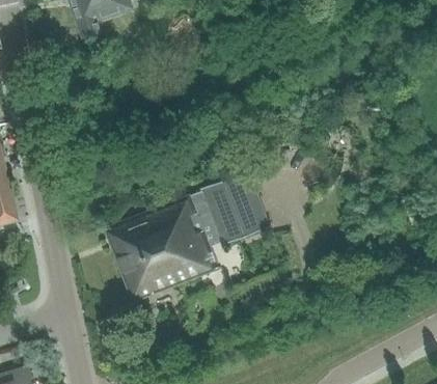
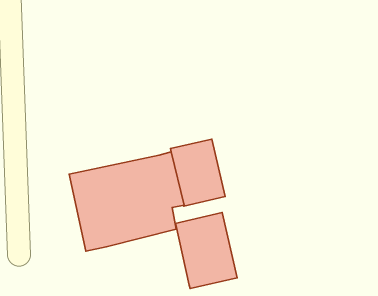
building: none -> [175,213,237,289]

